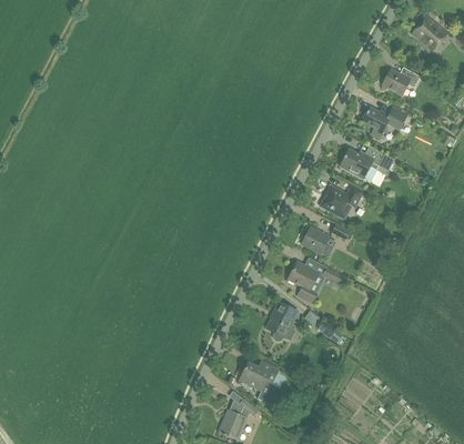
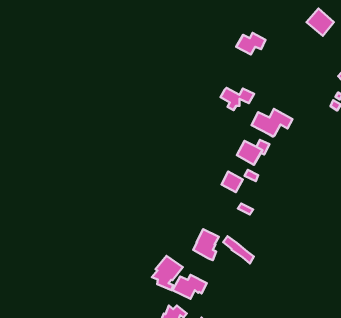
building: [381,67,418,94] -> [236,33,265,54]
building: [362,109,405,138] -> [221,88,254,110]
building: [288,261,319,302] -> none
building: none -> [152,256,183,290]

